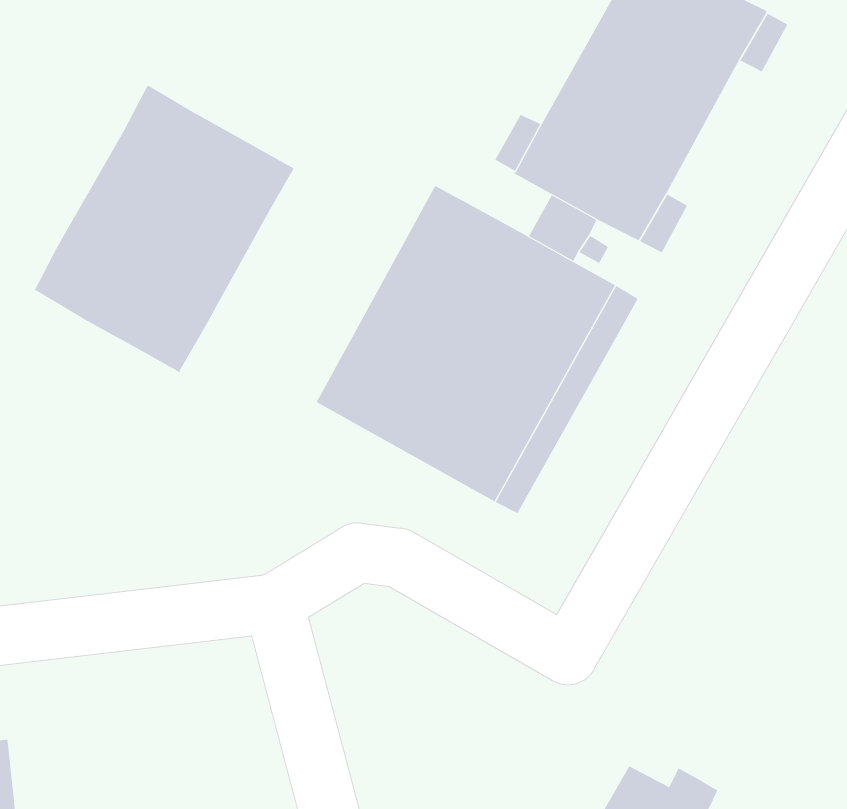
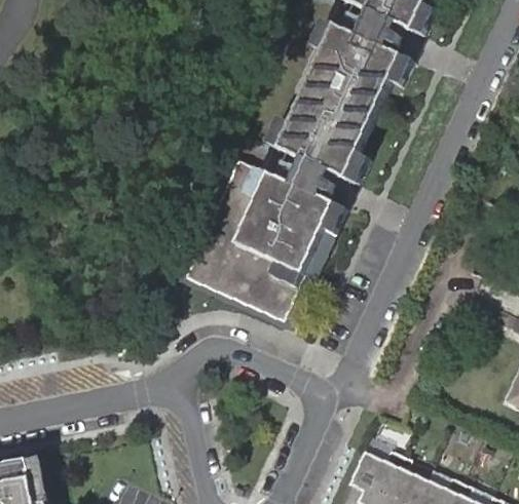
building: [34,85,295,373] -> none

